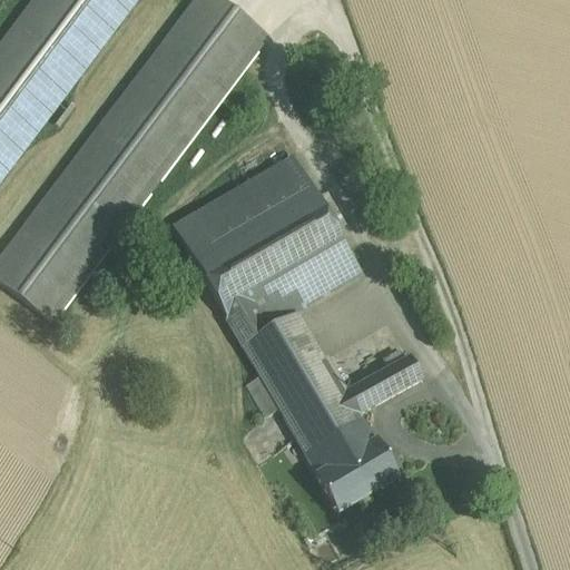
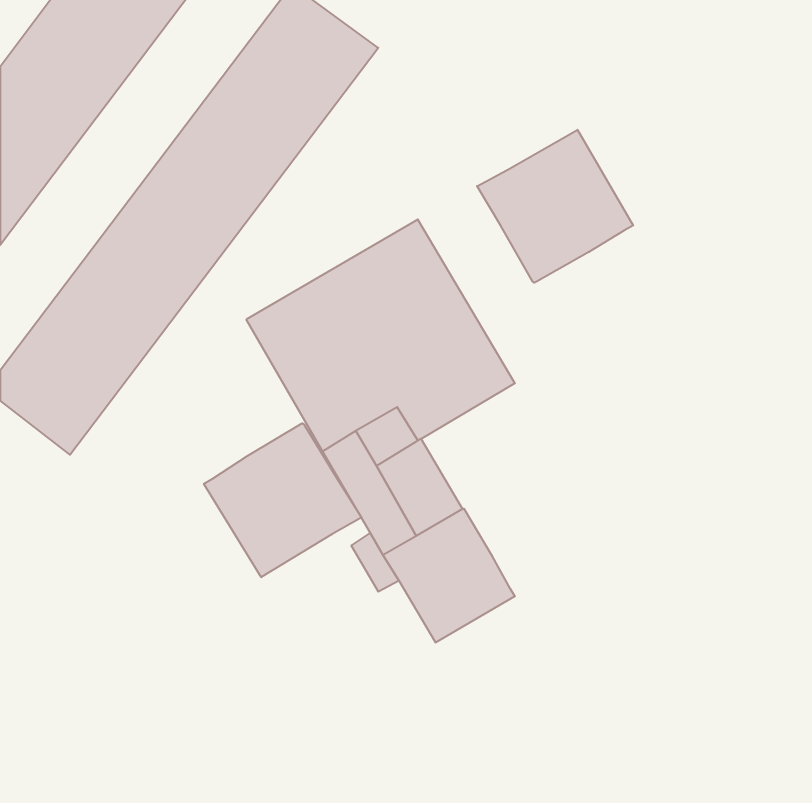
building: none -> [477,130,633,283]
building: none -> [204,423,361,577]
building: [345,353,422,412] -> none
building: [305,417,399,512] -> none

